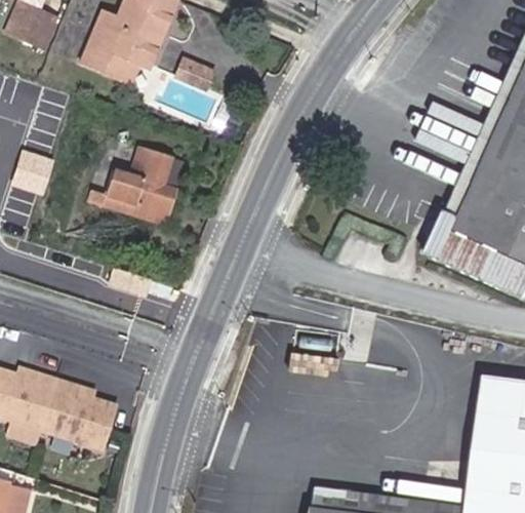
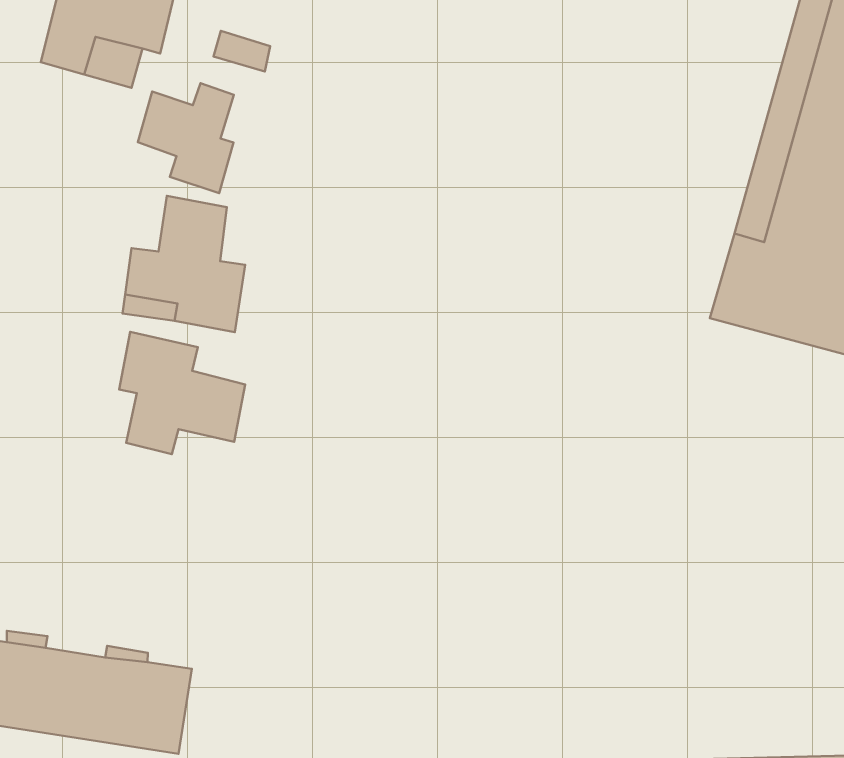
building: none -> [138,83,234,193]
building: none -> [119,332,245,454]

